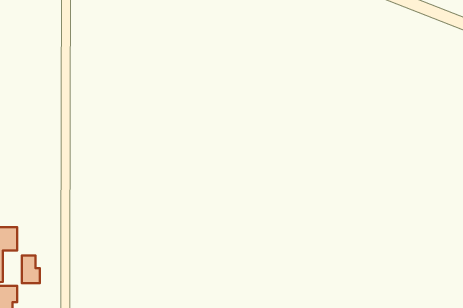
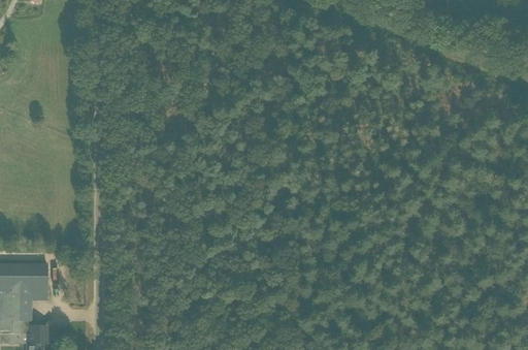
building: [22,256,40,283] -> none

